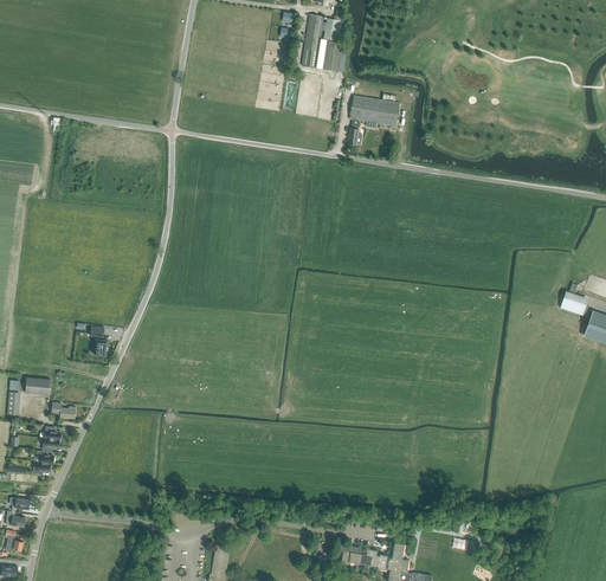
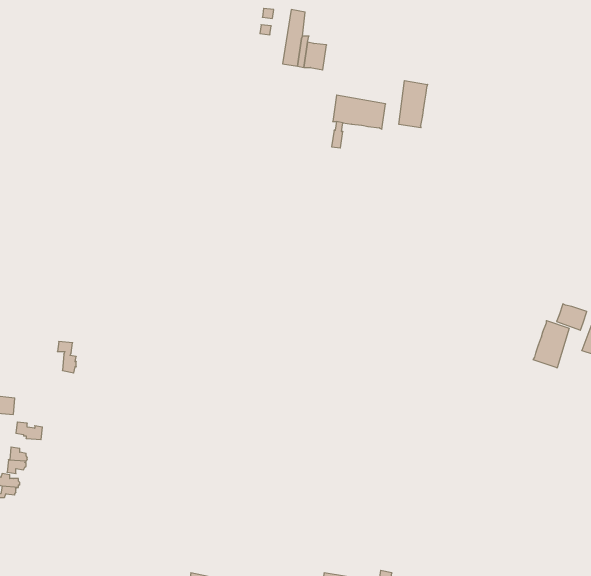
building: none -> [399,81,428,128]
building: none -> [533,321,569,368]

